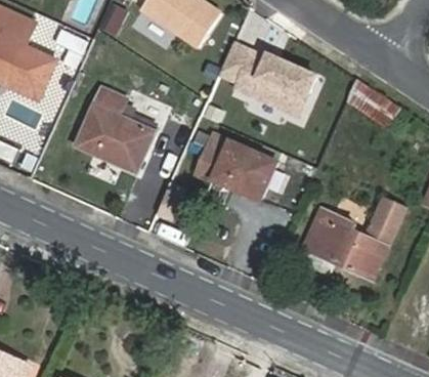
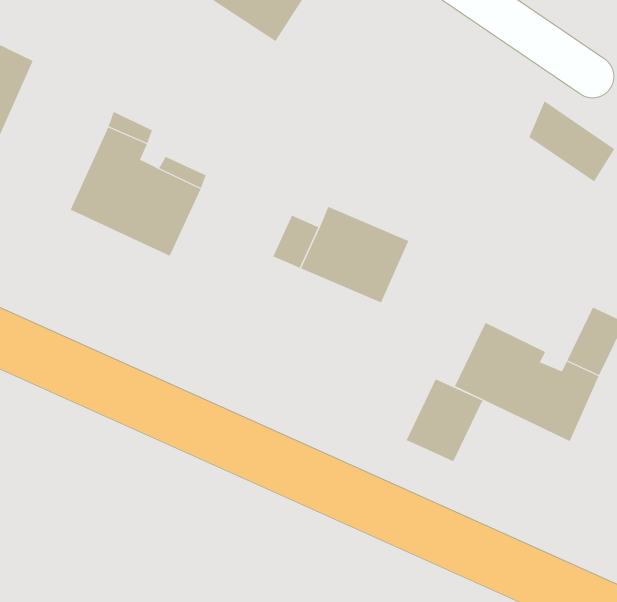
building: [216,38,321,125] -> none
building: none -> [406,378,483,462]

